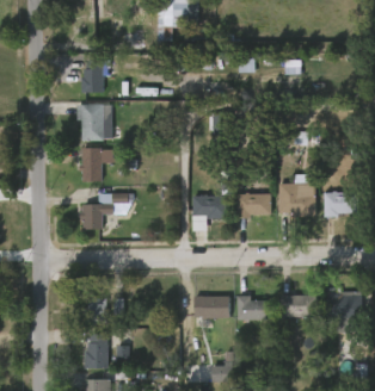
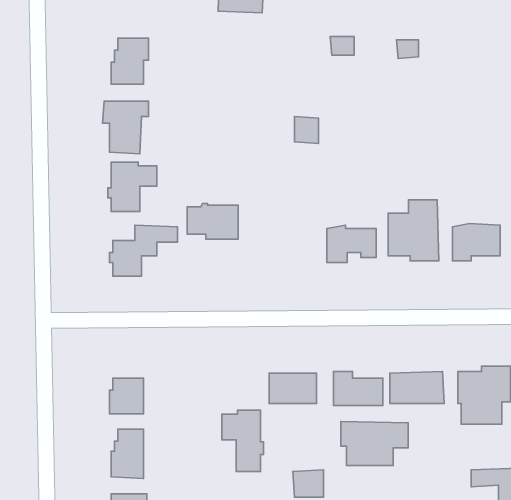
building: [192,194,228,219] -> [187,204,238,239]
building: none -> [222,410,263,472]
building: none -> [341,421,408,465]

